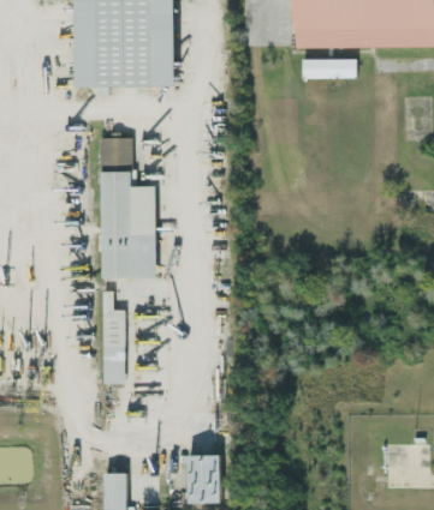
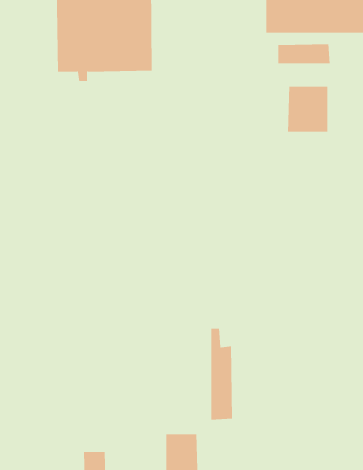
building: none -> [288,86,328,133]
building: [99,137,156,277] -> none
building: [102,290,125,384] -> [211,328,233,420]

